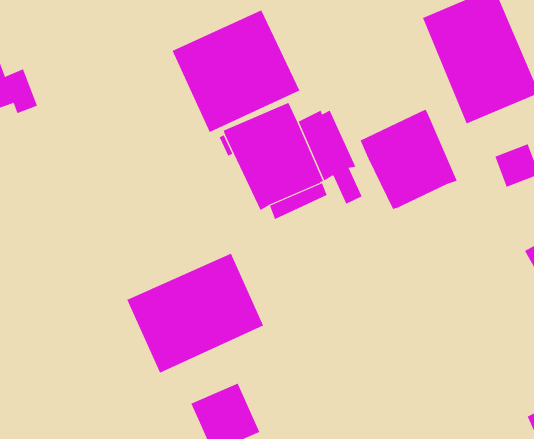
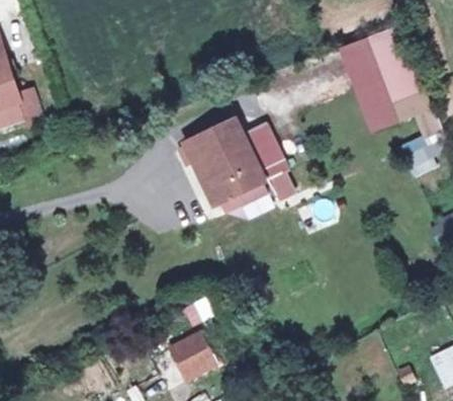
building: [172,10,300,133] -> none
building: [360,109,457,210] -> none
building: [126,253,264,374] -> none

